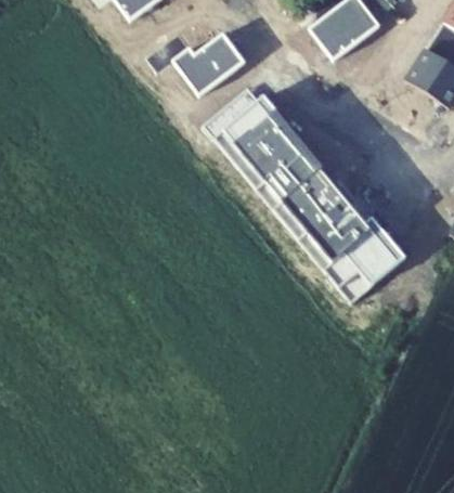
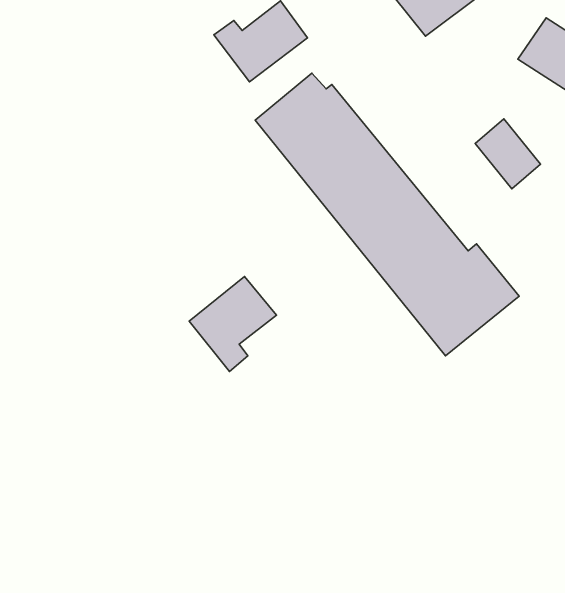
building: none -> [475,119,541,189]
building: none -> [189,276,277,371]

